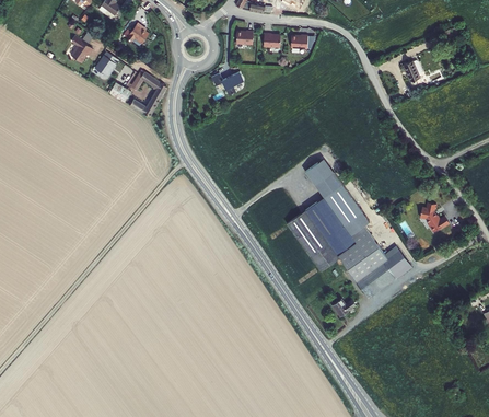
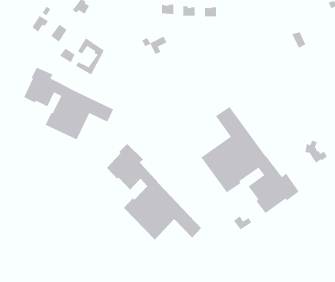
building: none -> [23,67,114,140]
building: none -> [106,143,202,240]

